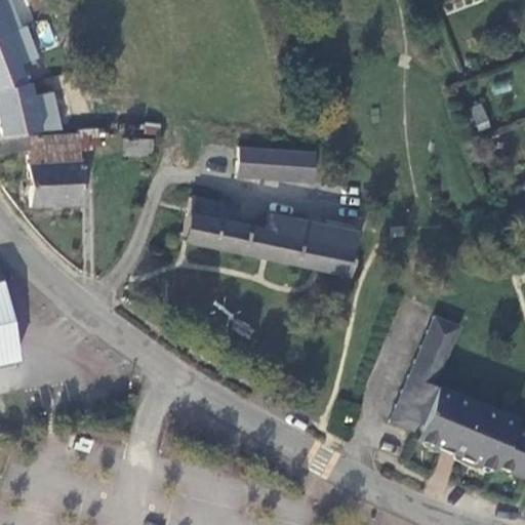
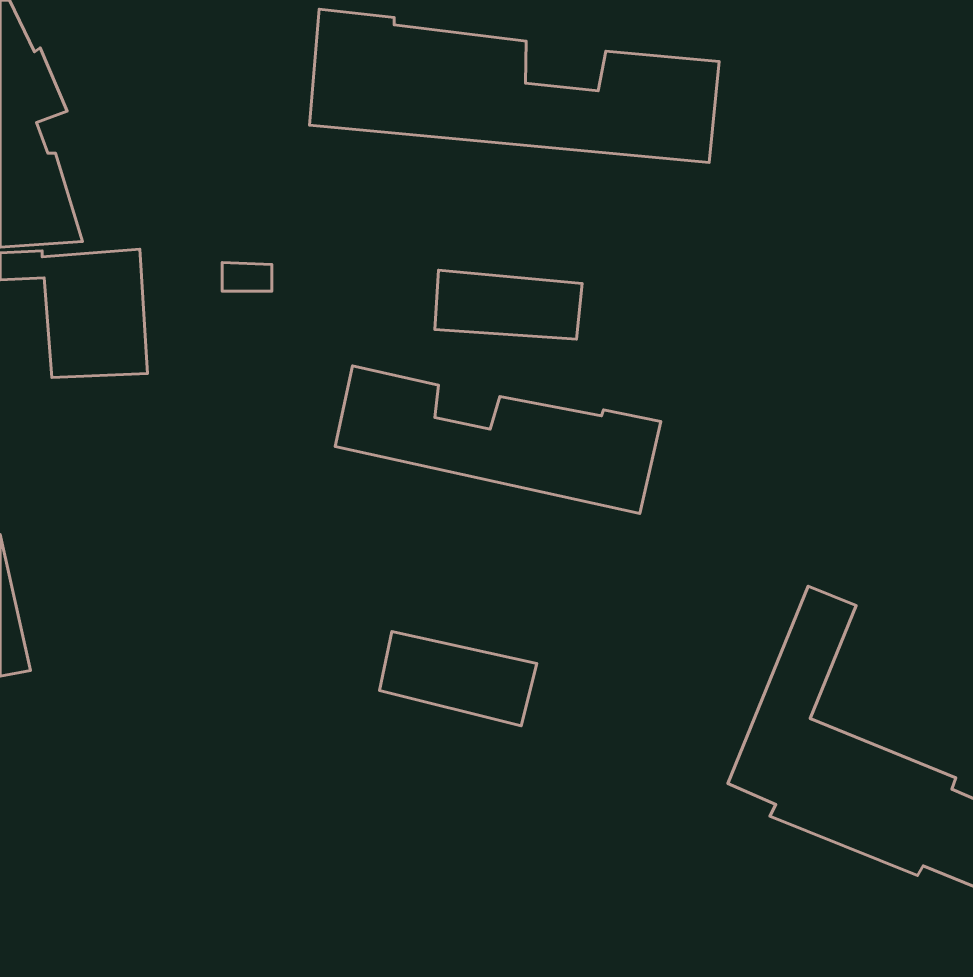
building: none -> [309,9,719,162]
building: none -> [380,632,537,726]

